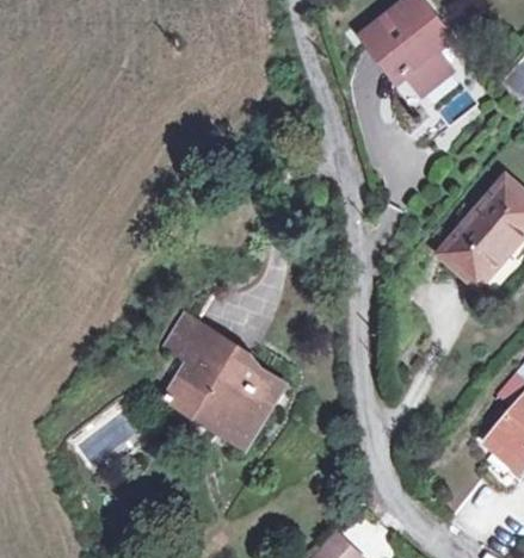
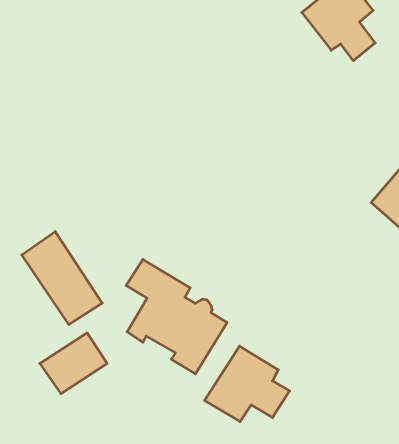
building: none -> [22,231,102,325]
building: none -> [205,346,290,422]

